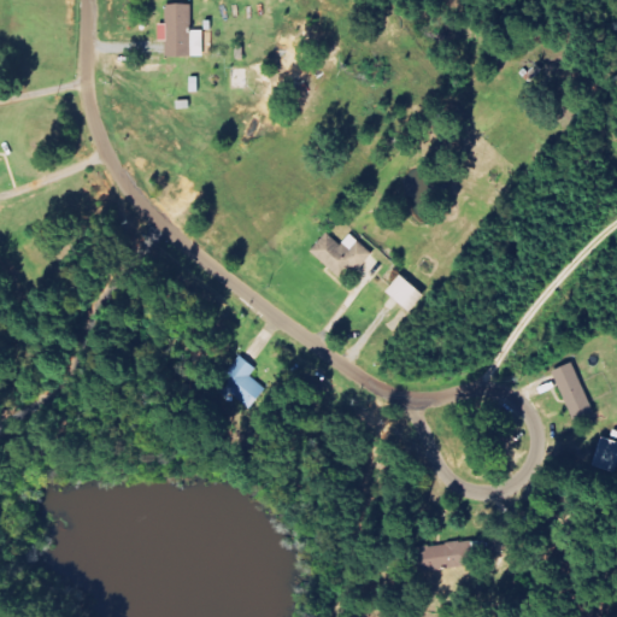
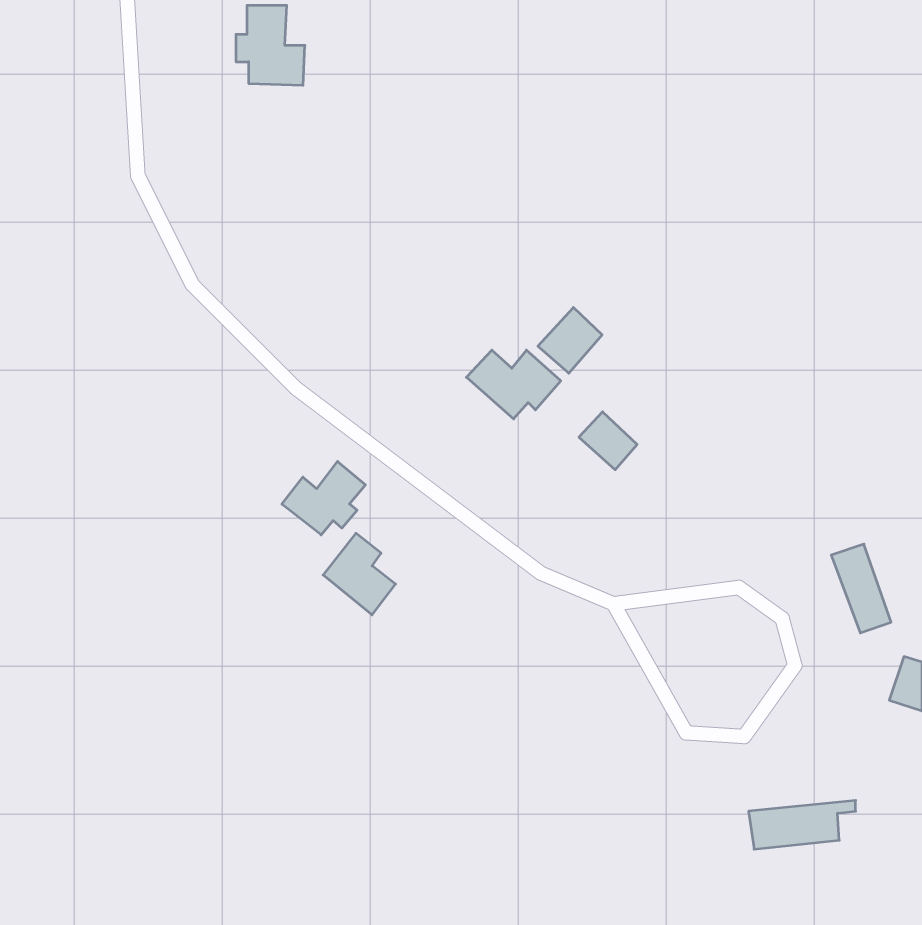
building: none -> [538,307,602,373]
building: none -> [282,461,365,535]
building: [411,540,482,572] -> [749,800,856,849]

